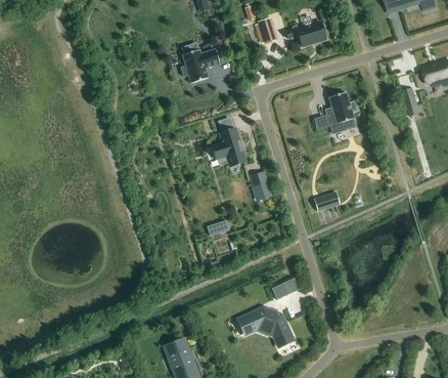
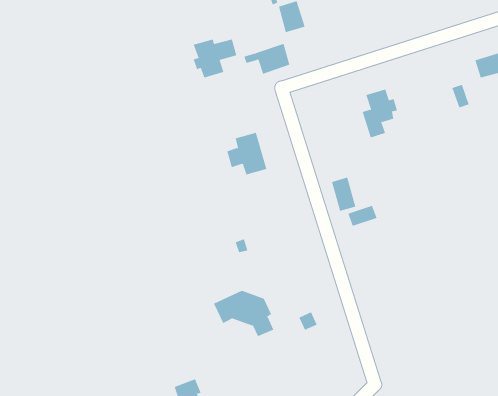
building: [285,20,325,47] -> [243,43,290,74]
building: [250,171,271,201] -> [331,177,356,212]
building: [238,305,290,345] -> [213,290,274,337]

